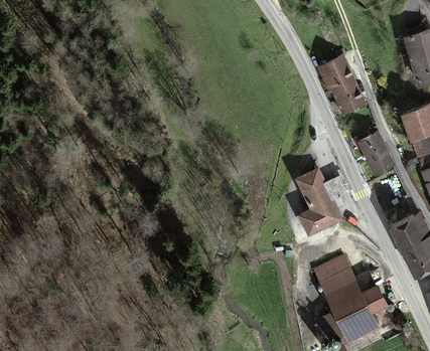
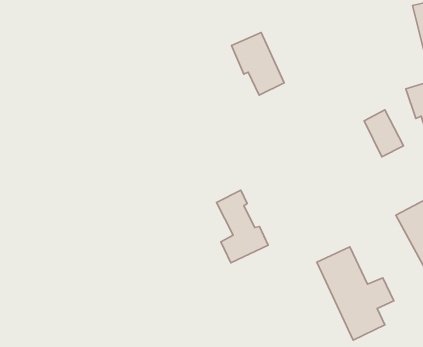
building: [317,55,366,113] -> [232,32,284,95]
building: [295,168,342,234] -> [217,190,268,263]

